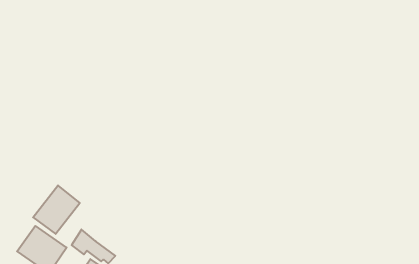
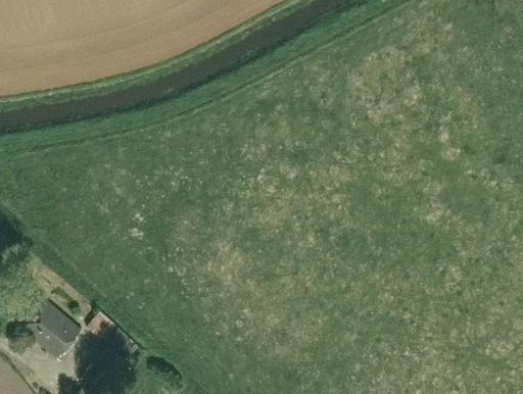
building: [33,185,80,234] -> none

